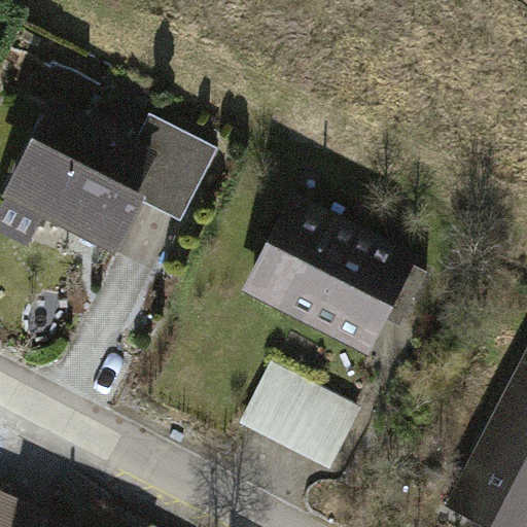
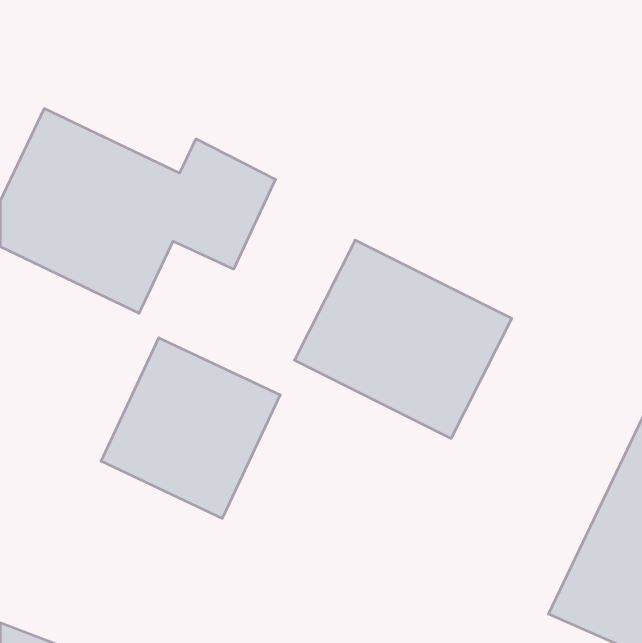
building: none -> [101,338,280,518]
building: [239,364,361,468] -> none

